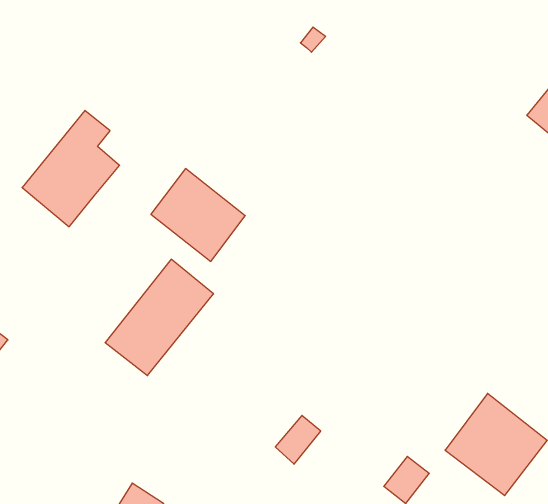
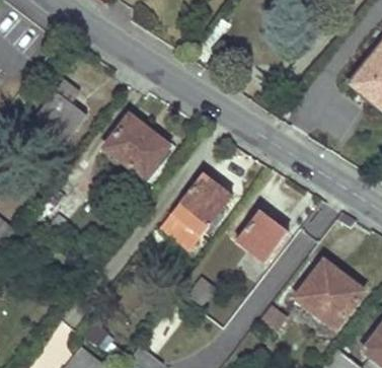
building: [105,259,214,376] -> [160,173,230,248]
building: none -> [237,211,287,261]

